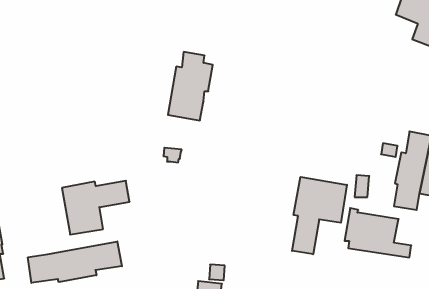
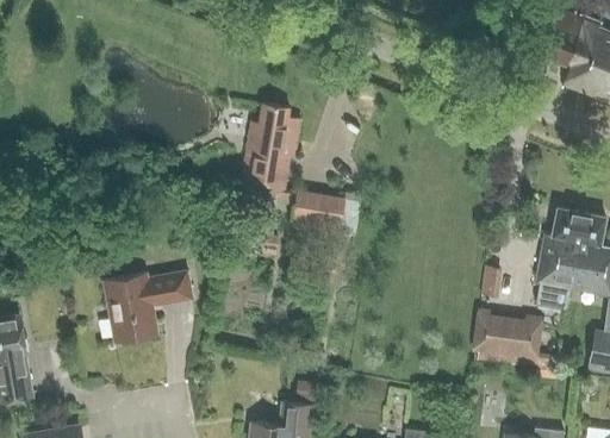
building: none -> [273,189,346,232]
building: [292,177,347,254] -> none
building: [28,241,122,283] -> none

